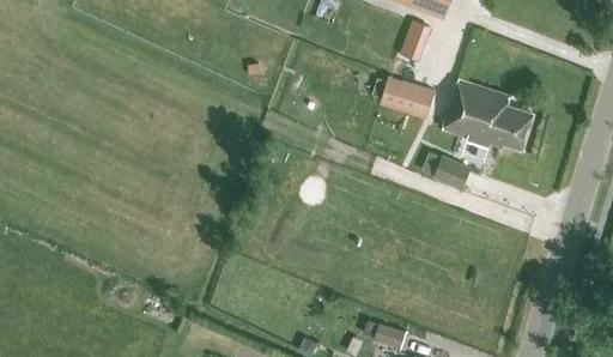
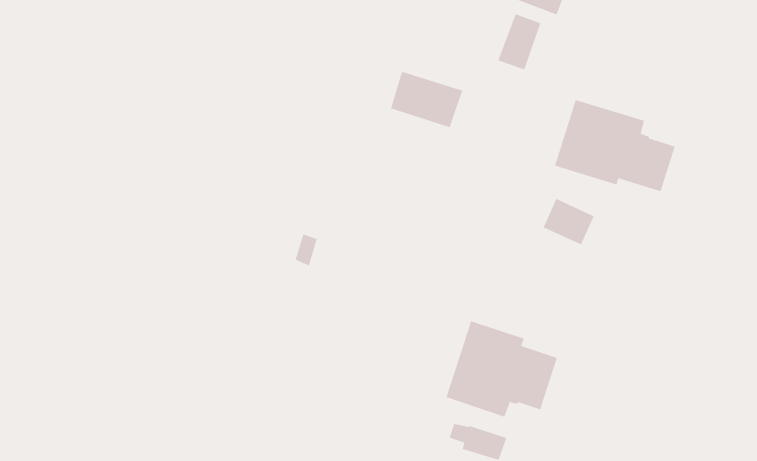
building: [381,75,435,117] -> [390,71,463,128]
building: none -> [446,320,558,417]

